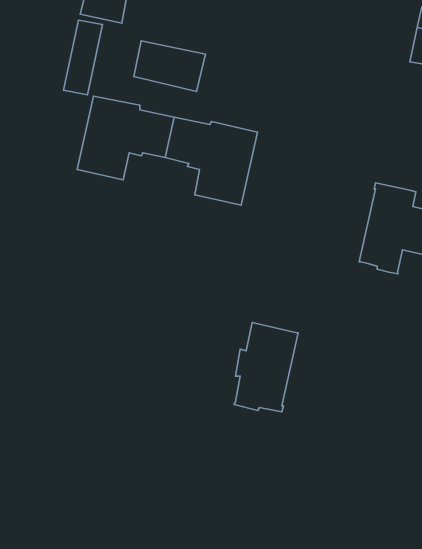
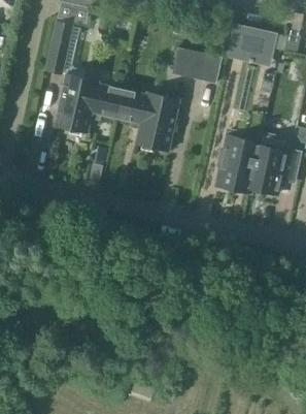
building: none -> [226,27,275,63]
building: [134,41,205,91] -> [171,49,220,84]
building: [234,322,298,412] -> [215,132,260,194]

